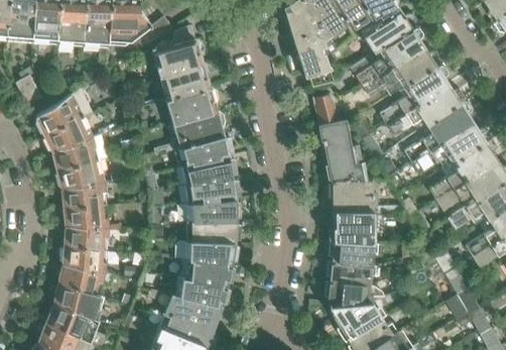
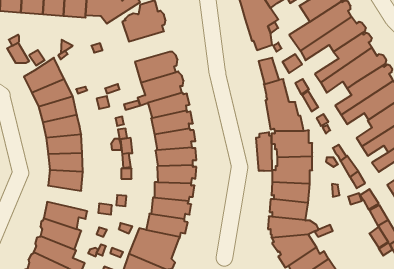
building: [160,63,211,99] -> none
building: none -> [256,132,272,171]
building: [64,245,104,273] -> none

